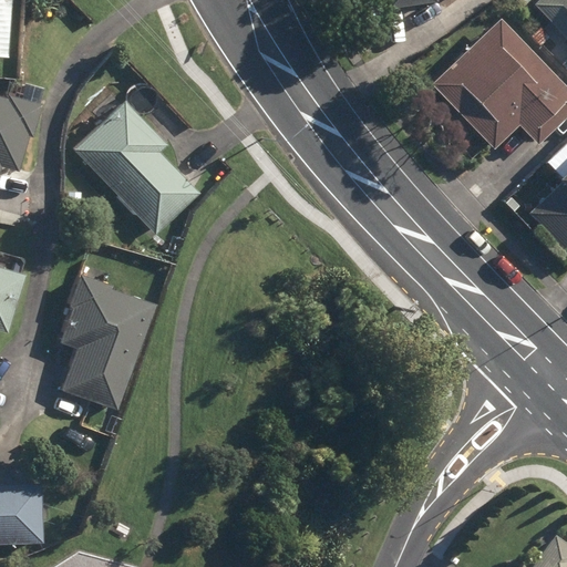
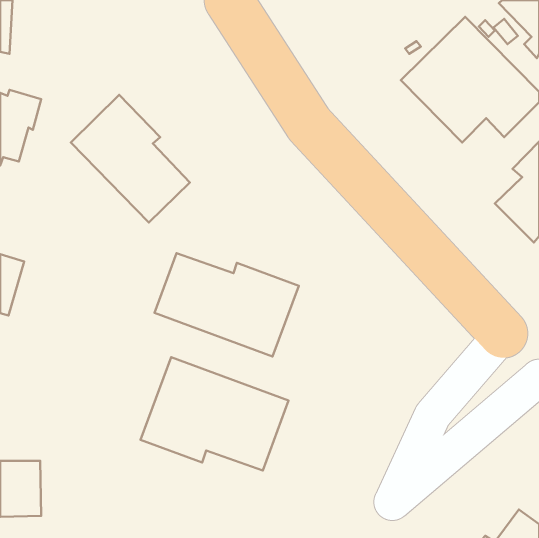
building: none -> [155,253,299,356]
building: [61,274,156,410] -> none
building: none -> [140,357,289,470]

